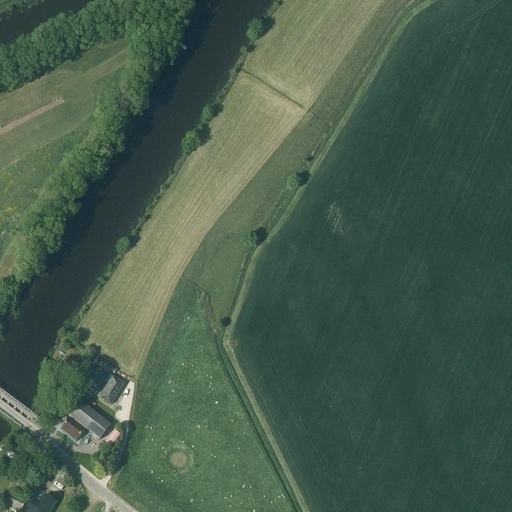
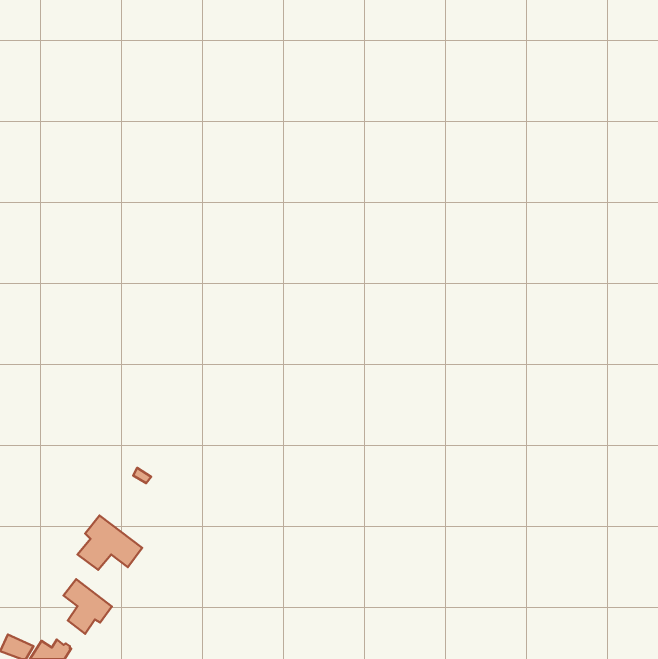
building: [88,371,125,404] -> none
building: none -> [63,579,112,634]

